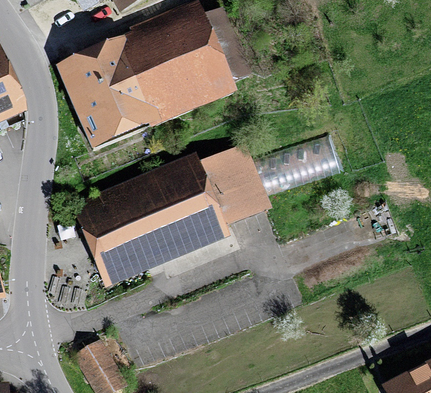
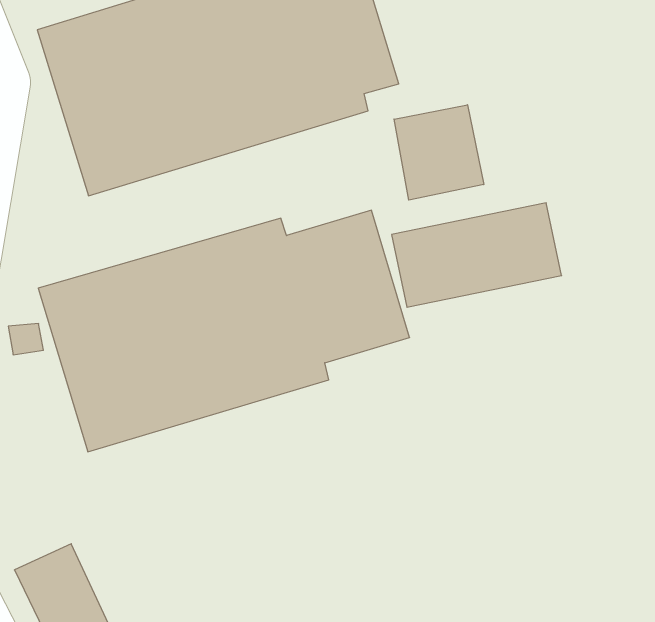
building: none -> [394,105,484,200]

